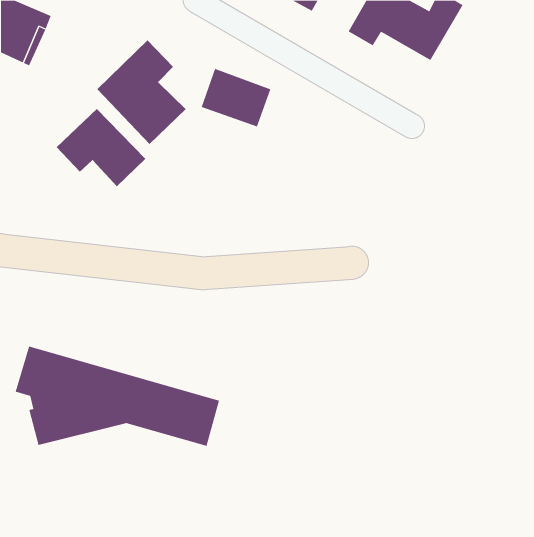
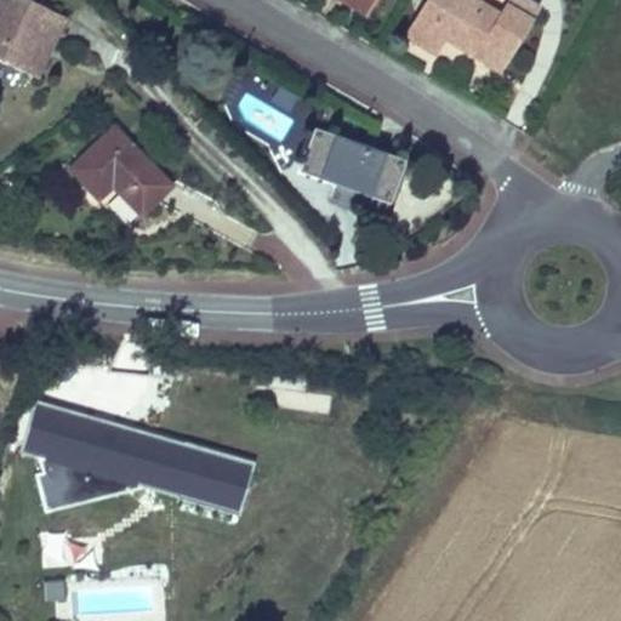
building: [97,39,186,145] -> none
building: none -> [304,130,400,199]

